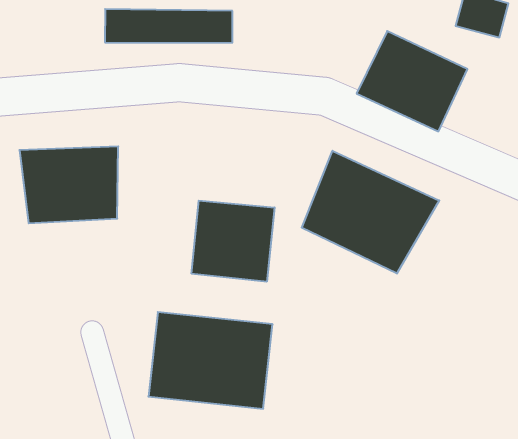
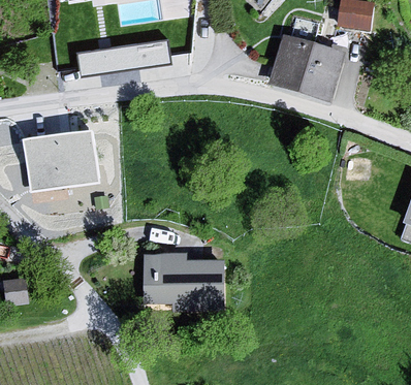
building: [302,151,439,274] -> none
building: [192,201,275,282] -> none

